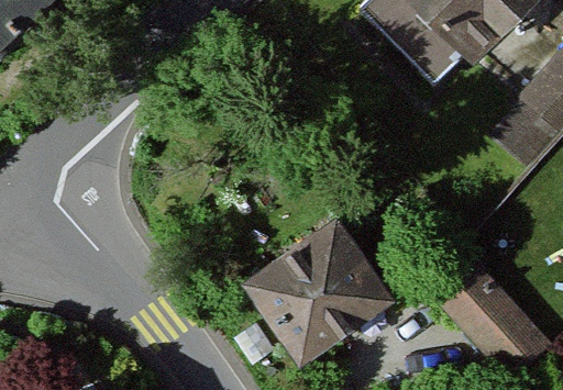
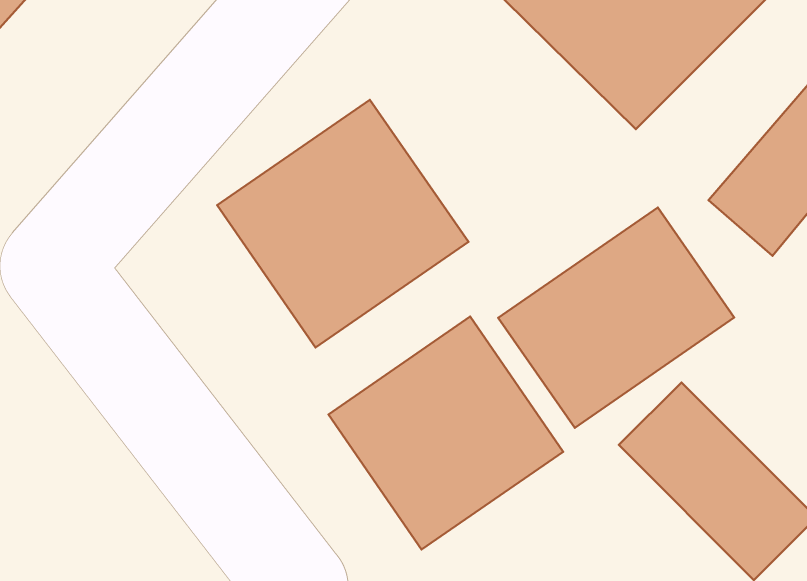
building: none -> [217,100,468,347]
building: none -> [498,208,734,428]

